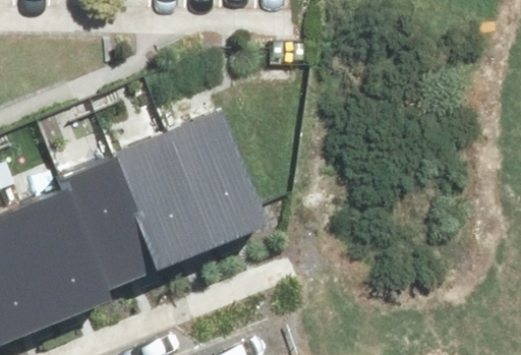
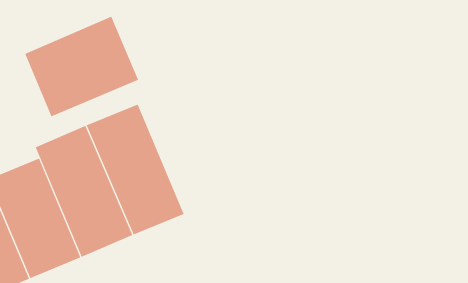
building: none -> [24,16,139,117]
building: [167,108,271,247] -> none

